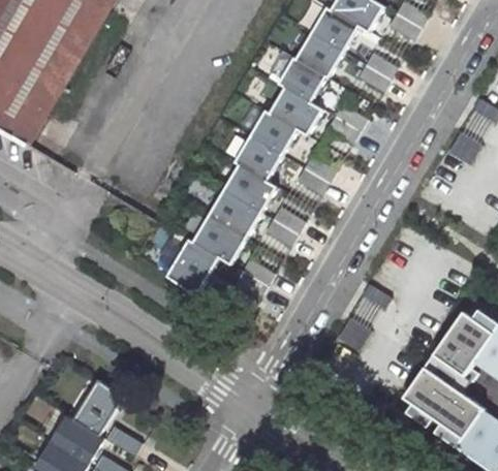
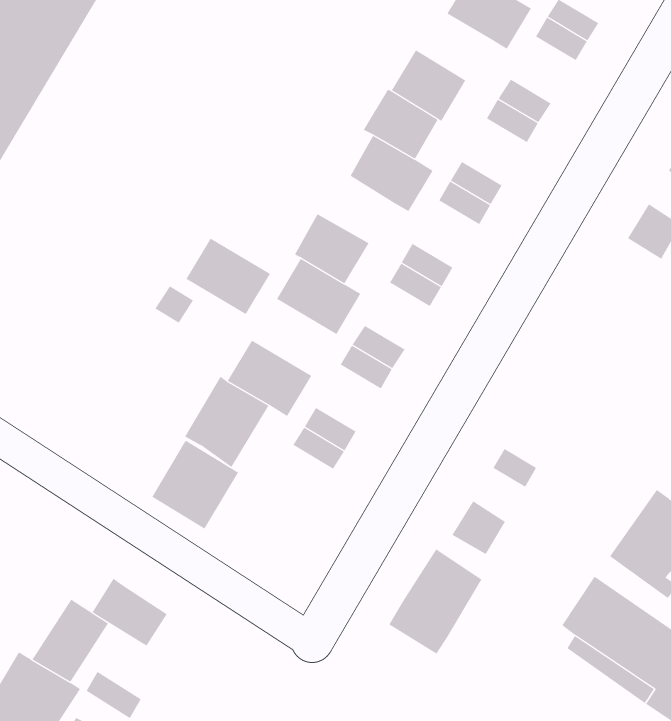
building: [312,7,360,53] -> none
building: [250,111,299,155] -> none
building: [209,190,262,239] -> [186,238,271,315]
building: none -> [152,440,239,530]
building: none -> [389,549,482,654]
building: none -> [92,578,167,646]

